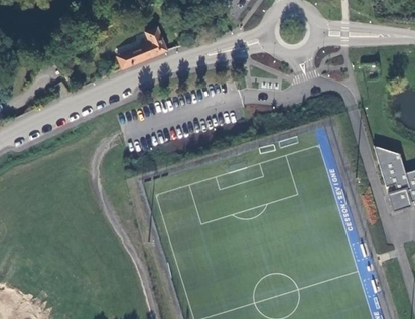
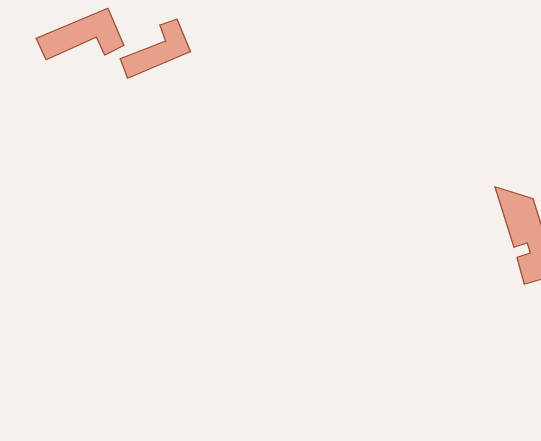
building: none -> [36,8,124,60]

